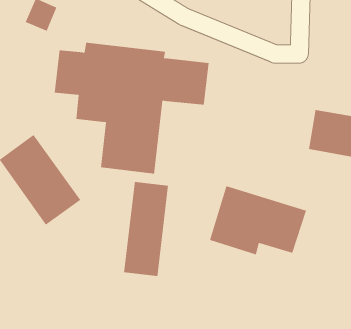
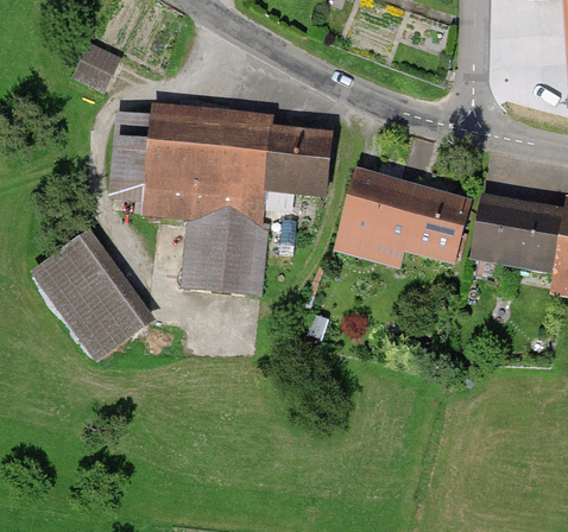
building: [124,181,169,277] -> none
building: [209,186,307,255] -> [334,166,474,266]

